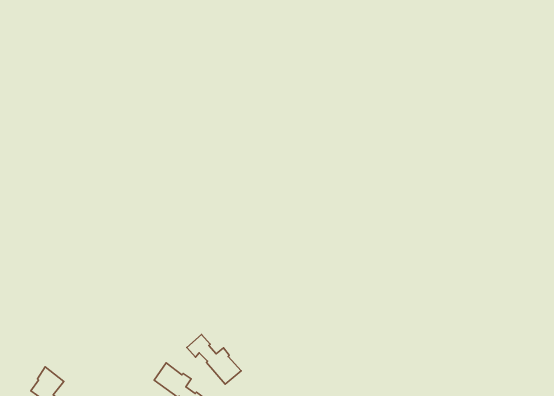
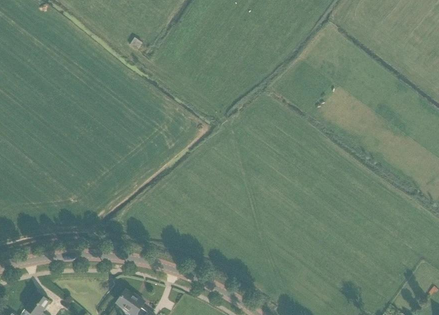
building: [187,334,241,384] -> none

